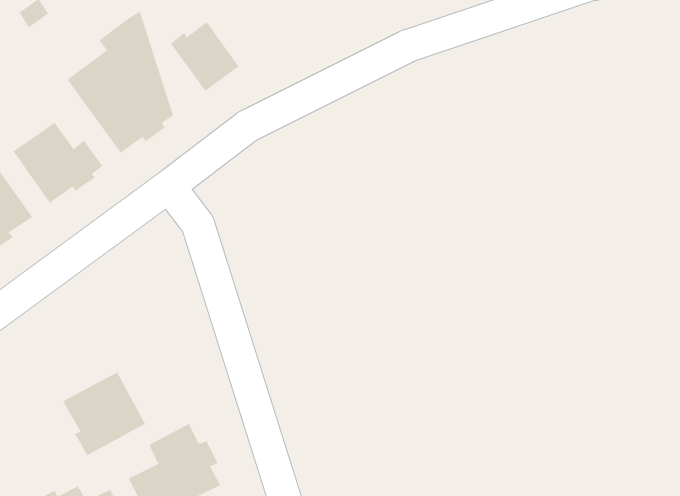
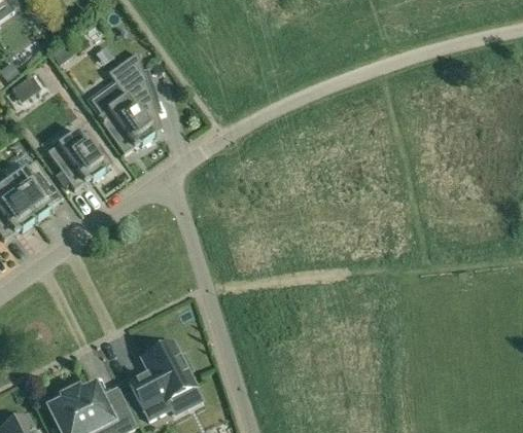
building: [170,21,239,92] -> none
building: [62,372,146,456] -> none

